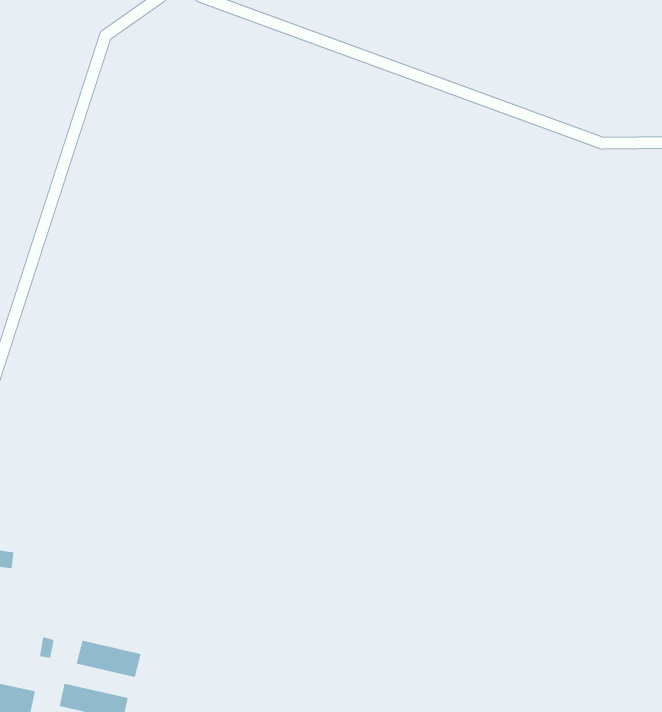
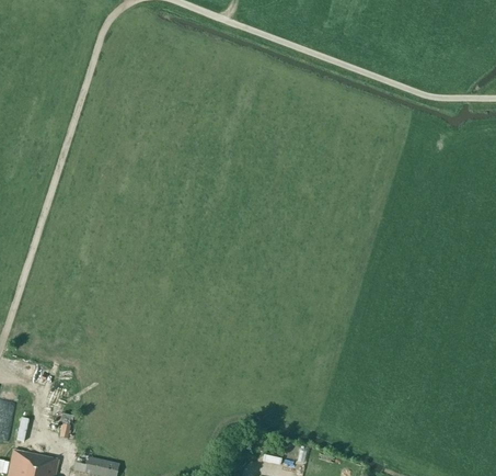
building: [76,640,141,678] -> none

